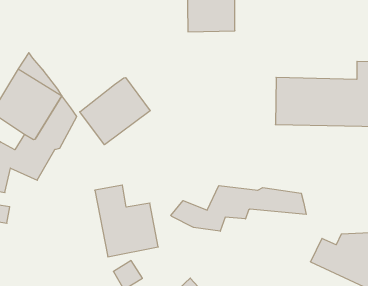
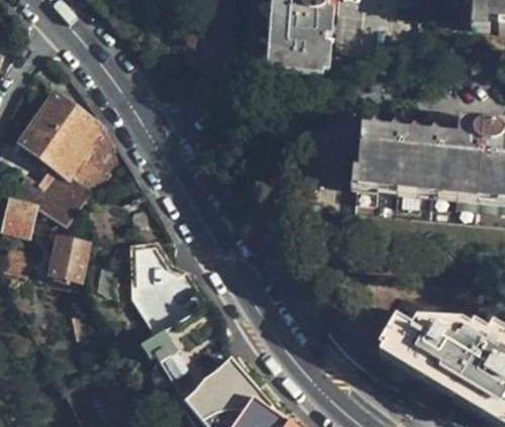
building: [80,78,150,145] -> none
building: [171,186,306,231] -> none
building: none -> [50,237,86,280]

